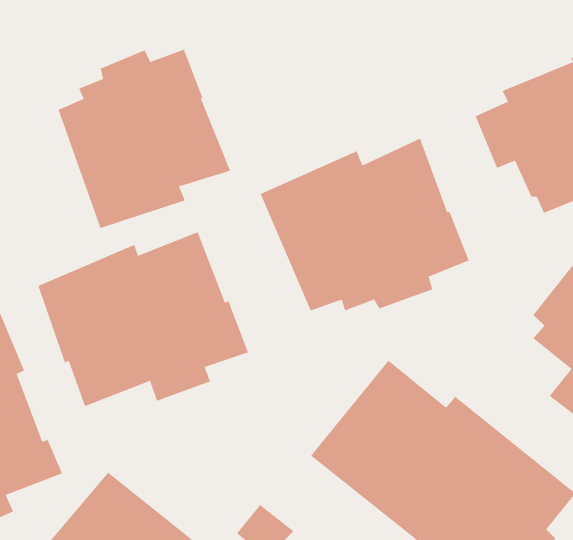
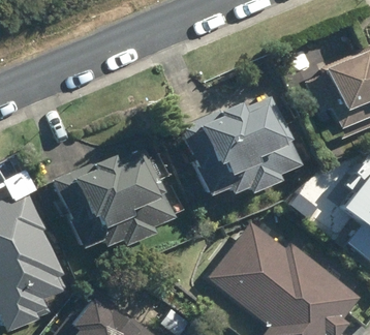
building: [58,49,231,229] -> none

